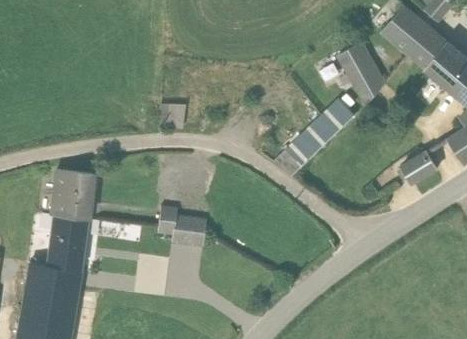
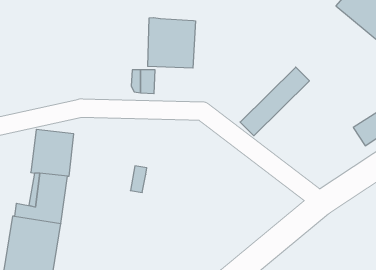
building: [336,41,387,97] -> none
building: none -> [148,18,195,68]
building: [170,217,201,246] -> none

